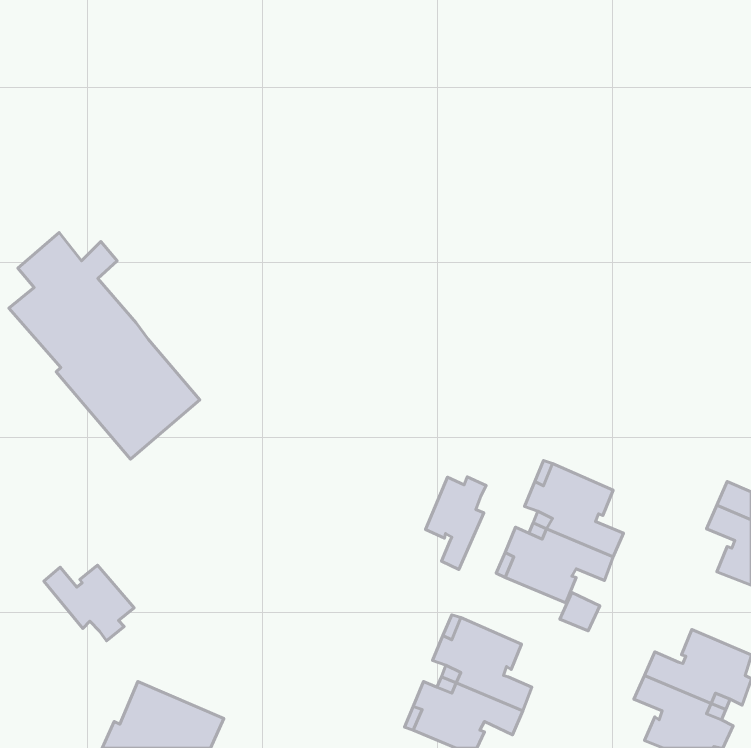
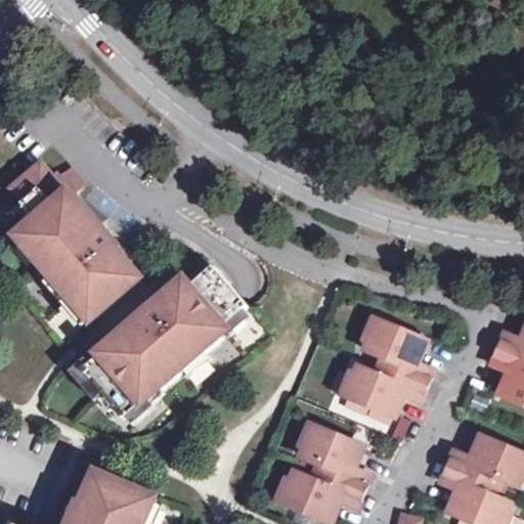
building: none -> [81,264,247,416]
building: [425,477,486,570] -> none
building: [44,565,134,641] -> none

